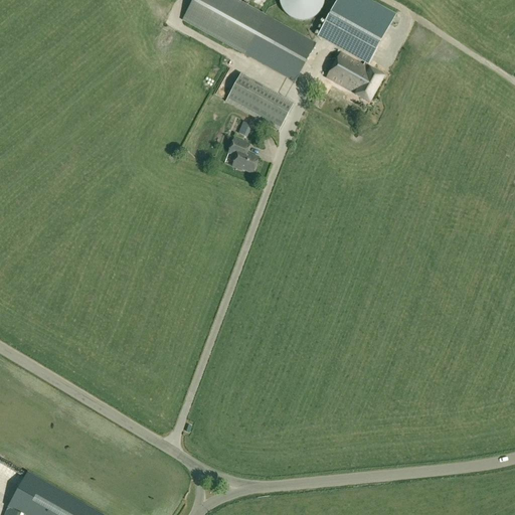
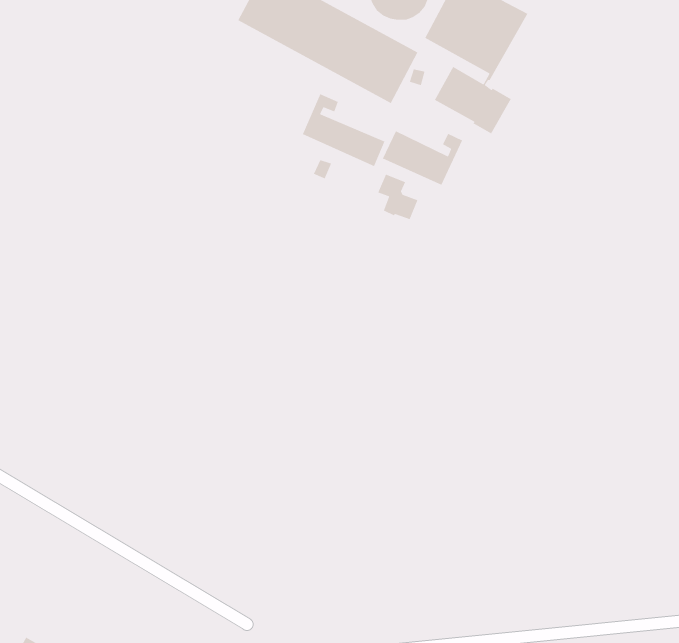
building: none -> [382,130,463,186]
building: [227,138,258,172] -> [377,174,418,220]

